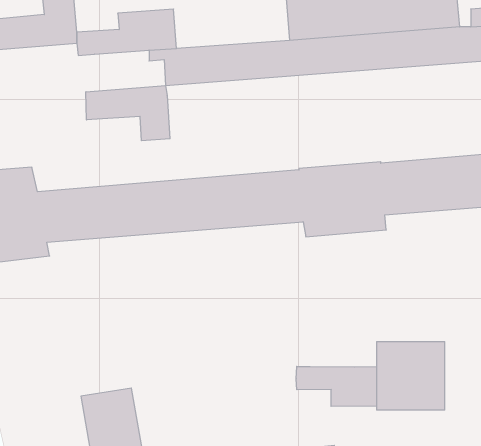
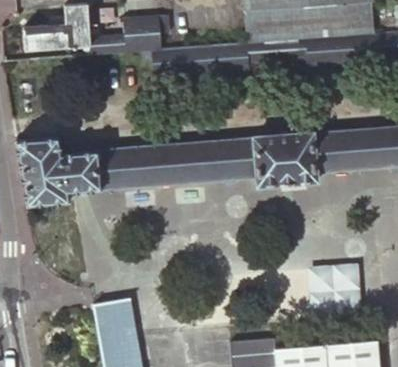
building: [86,85,170,141] -> none
building: [296,366,377,406] -> none

